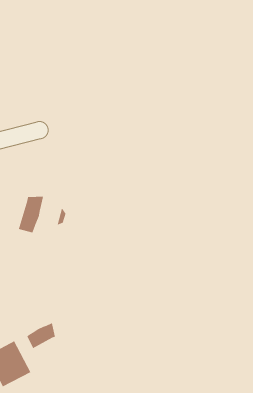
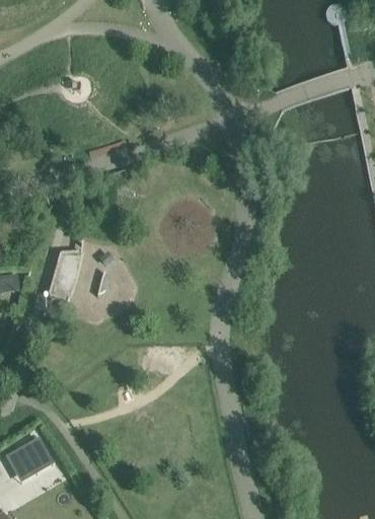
building: [26,322,56,349] -> none

